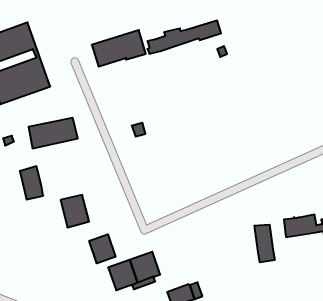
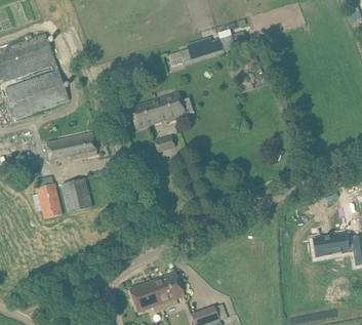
building: [92,30,146,67] -> [129,91,186,129]
building: [61,195,89,227] -> [62,178,91,212]
building: [254,225,275,262] -> none
building: [89,234,115,263] -> none

